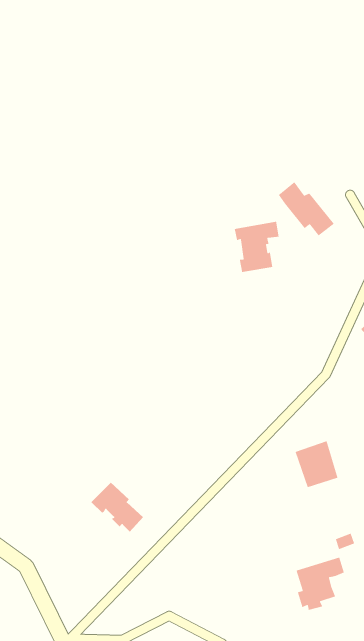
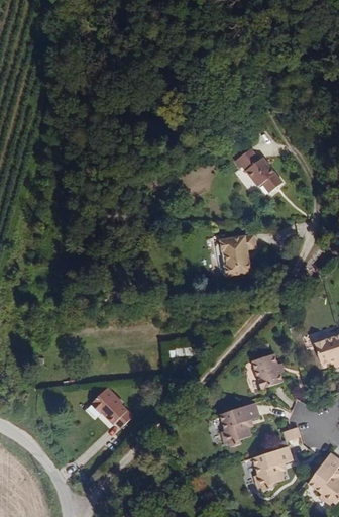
building: [234,221,279,273] -> [219,234,255,276]
building: none -> [219,403,258,446]

